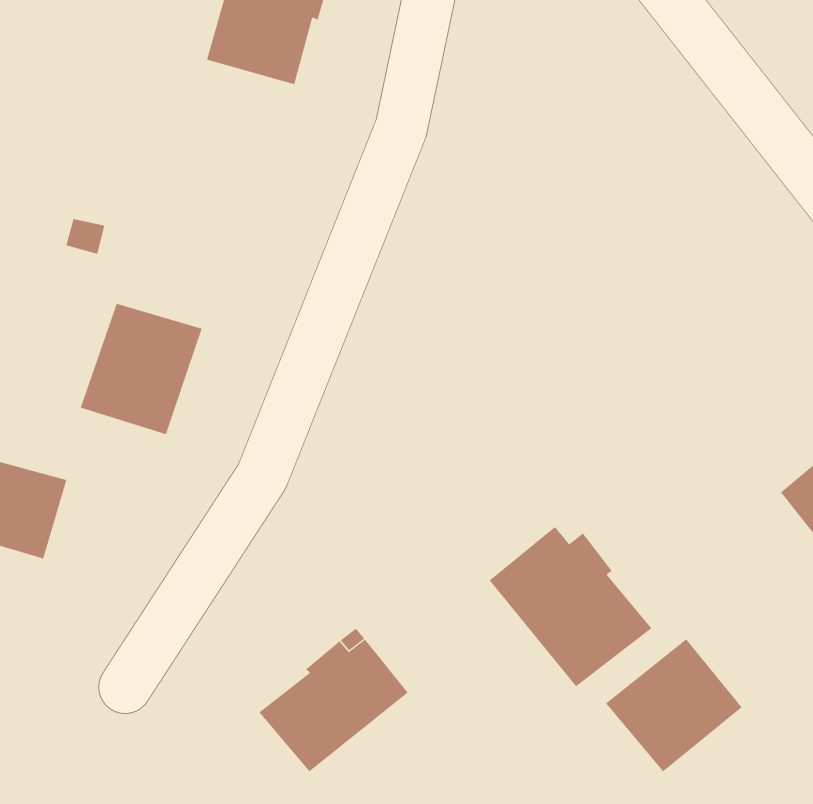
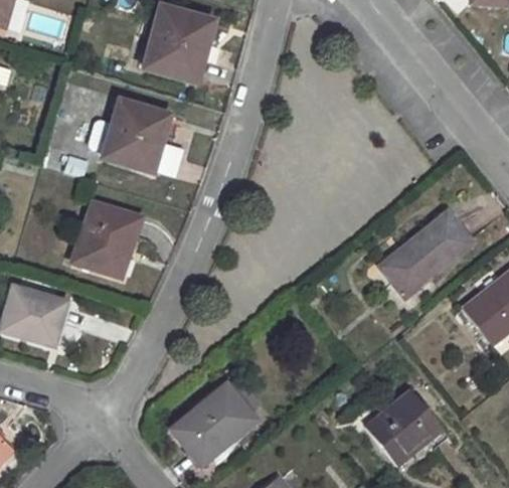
building: none -> [105,102,170,170]
building: none -> [383,213,470,297]
building: [489,526,652,687] -> none

